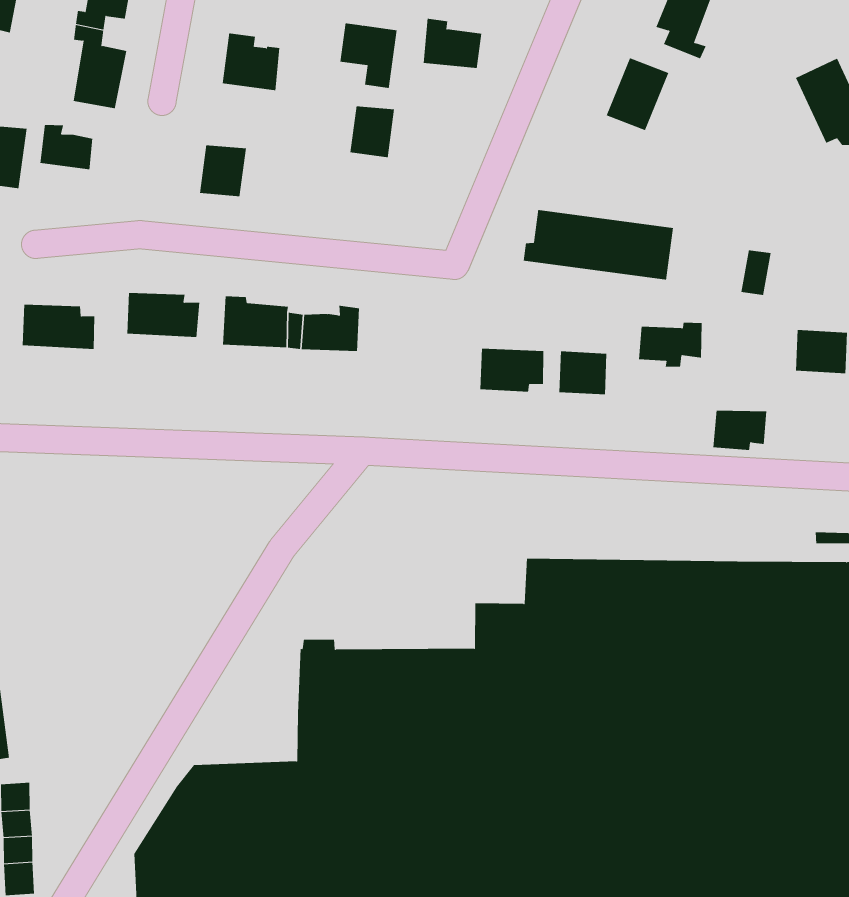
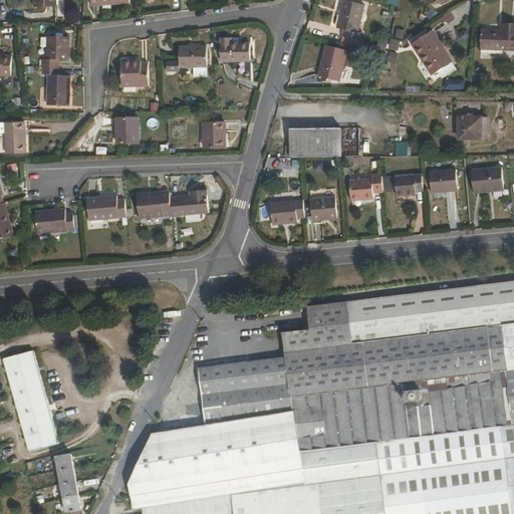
building: [349,106,395,158] -> [203,121,223,147]
building: [40,124,93,170] -> none
building: [713,410,767,451] -> [394,173,421,195]

